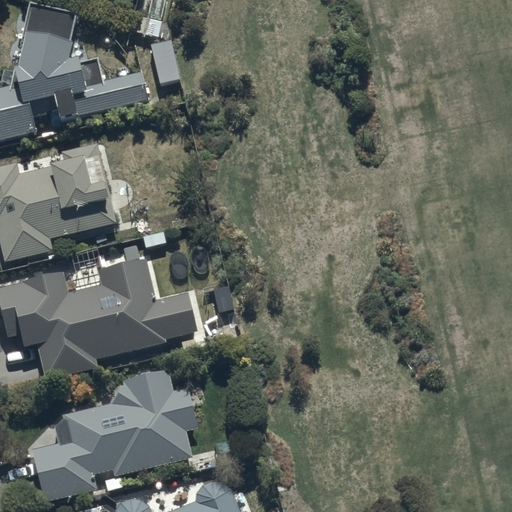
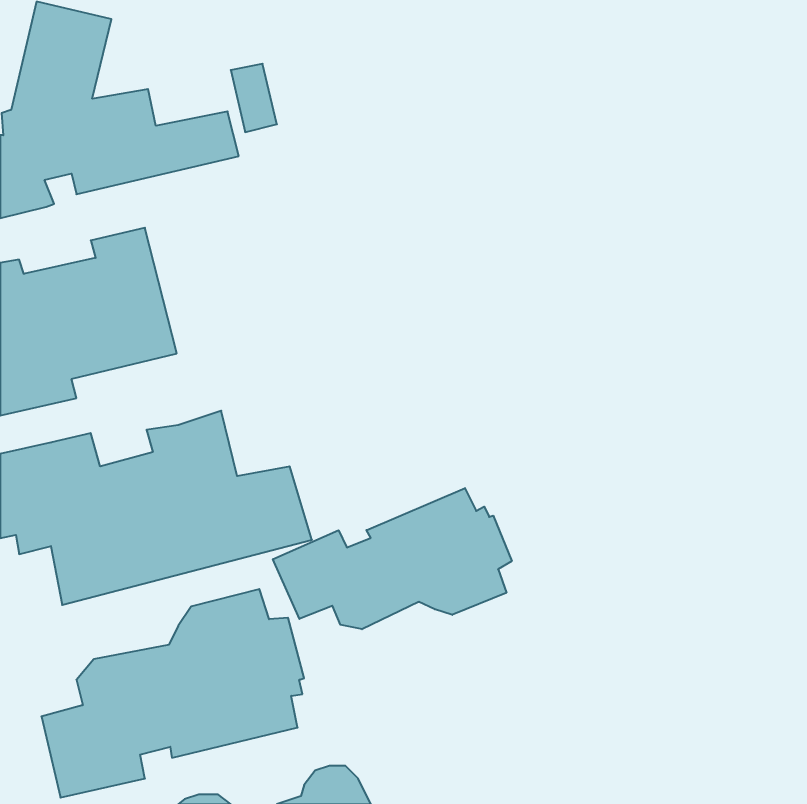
building: none -> [273,488,512,629]

